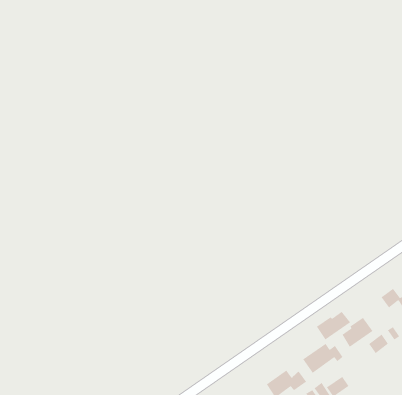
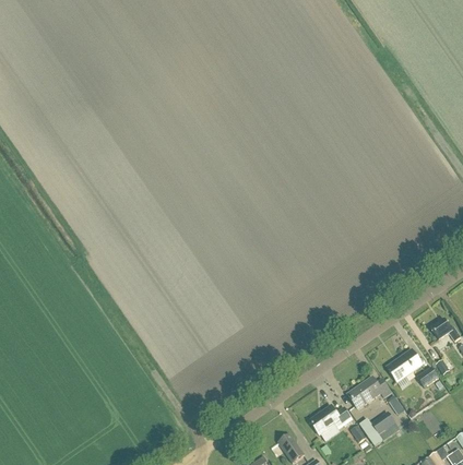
building: [316,311,351,340] -> none

